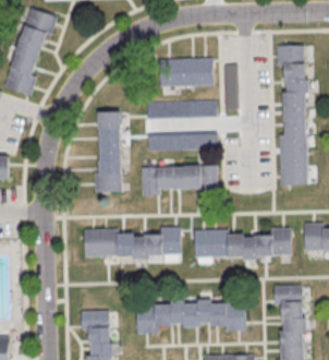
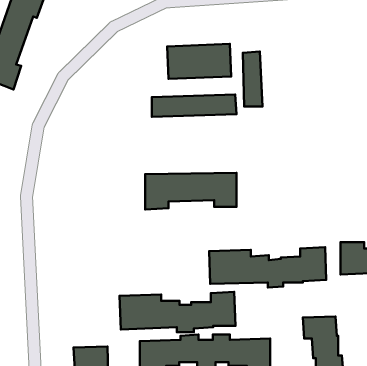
building: [277,45,309,184] -> none
building: [94,111,122,192] -> none
building: [147,131,218,149] -> none
building: [84,226,181,260] -> [119,292,235,332]

